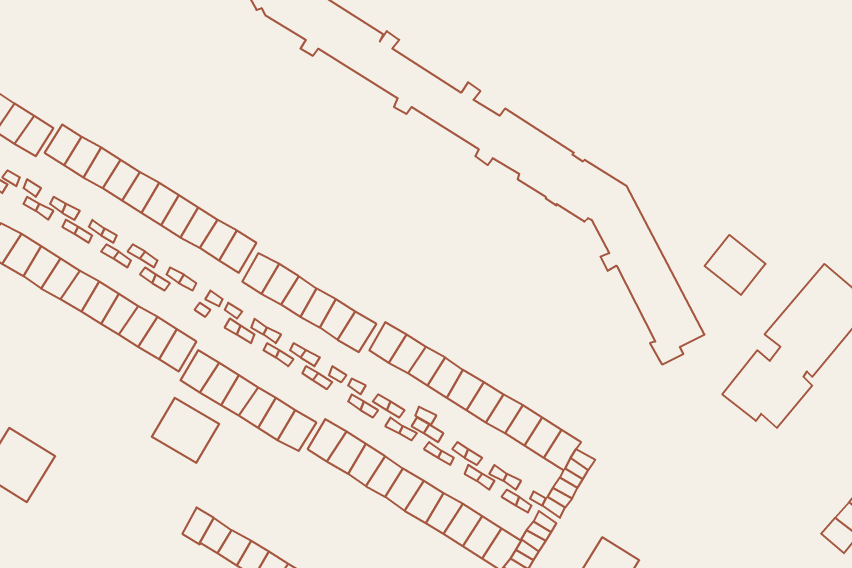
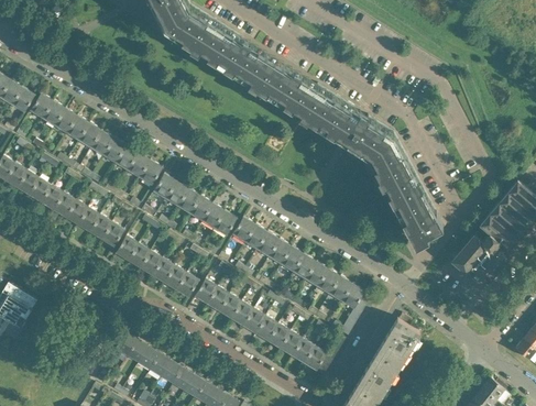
building: [705,235,766,295] -> none
building: [152,398,219,463] -> none
building: none -> [378,315,420,365]

